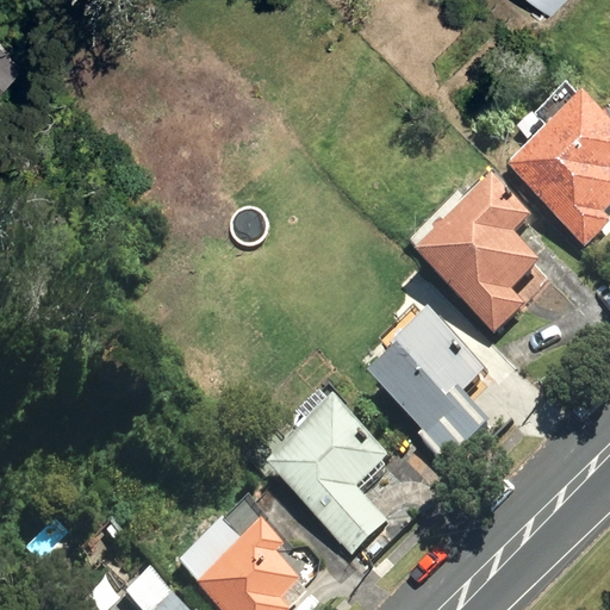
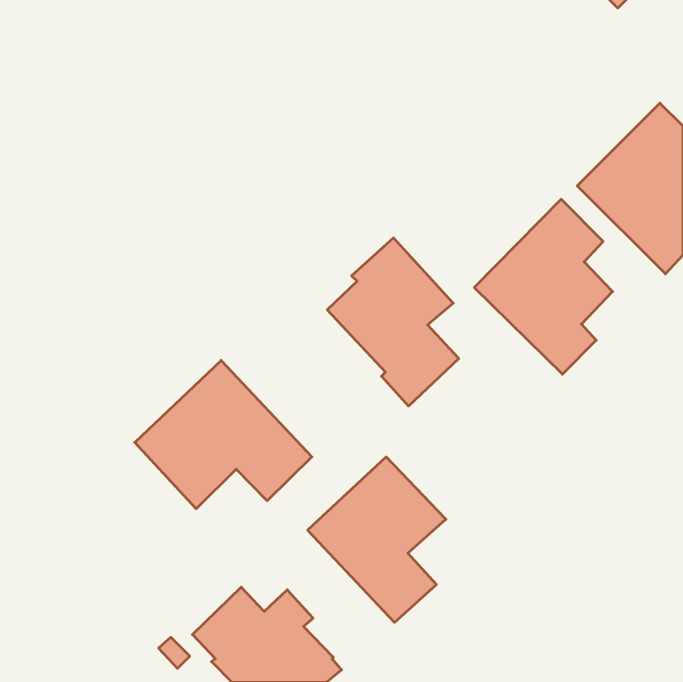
building: [373,311,488,459] -> [327,238,459,406]
building: none -> [135,360,312,509]

